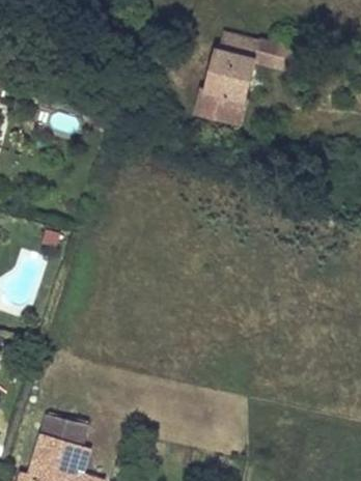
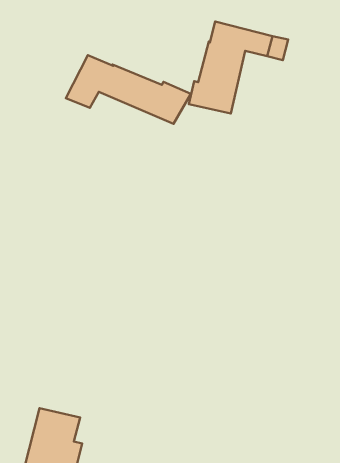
building: none -> [66,55,191,124]

